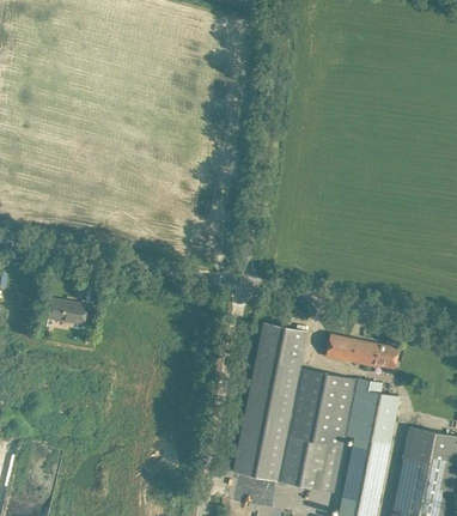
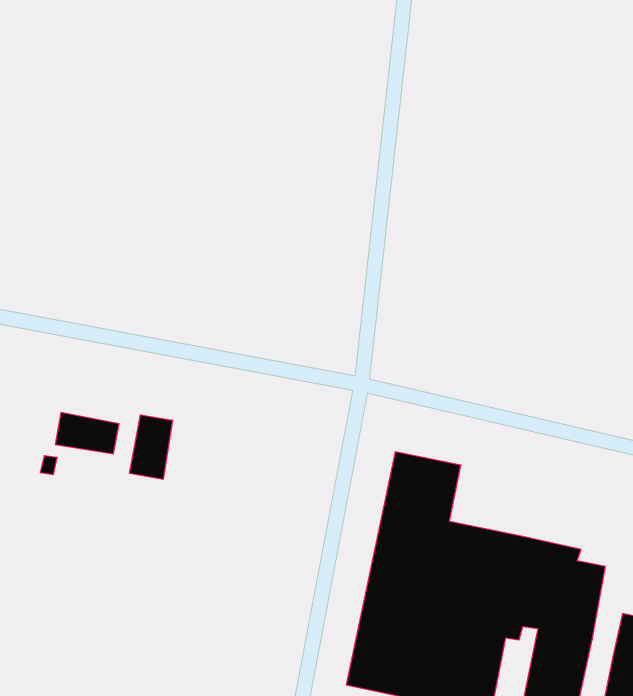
building: none -> [129,415,173,479]
building: [325,334,398,369] -> none

